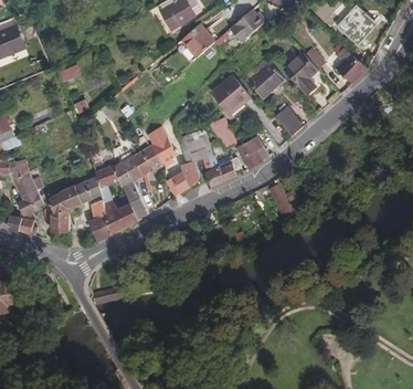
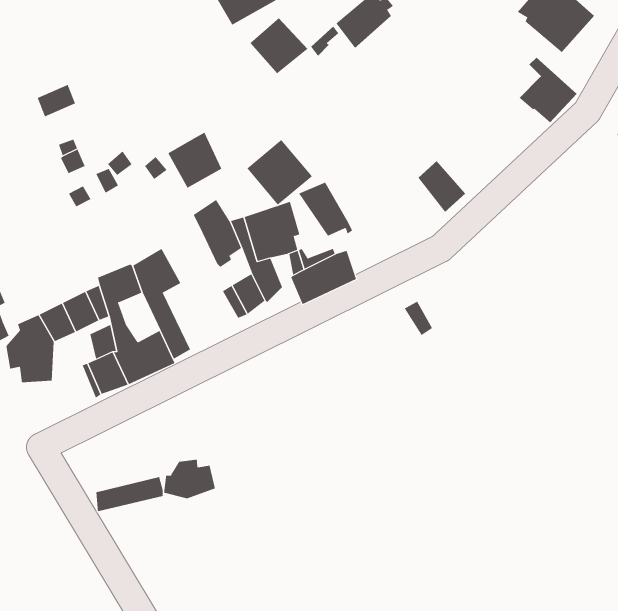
building: [284,50,318,94] -> none
building: [246,63,283,99] -> none
building: [211,76,248,114] -> [246,139,313,206]
building: [234,136,267,170] -> none
building: [130,144,161,176] -> [168,132,222,188]
building: none -> [164,459,215,499]

